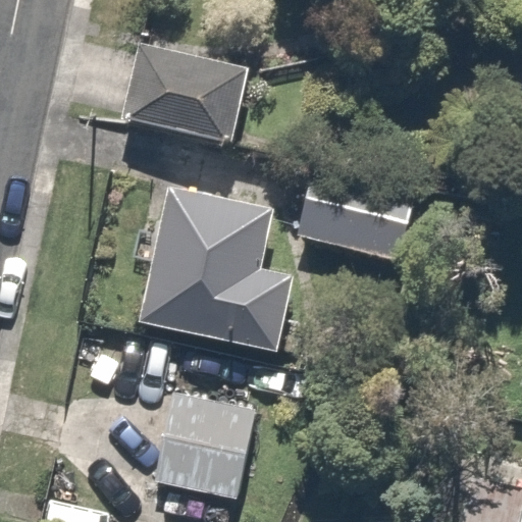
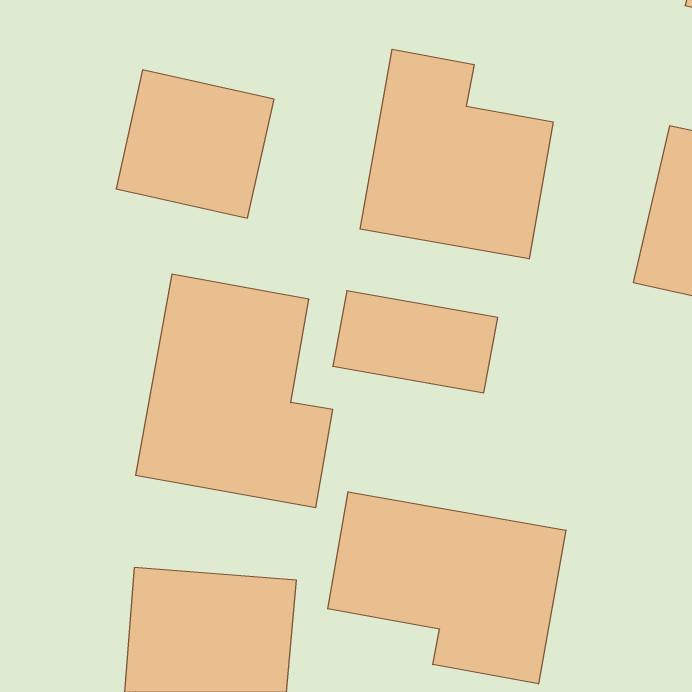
building: none -> [360,49,553,259]
building: none -> [328,492,566,684]

